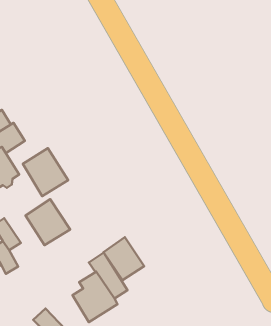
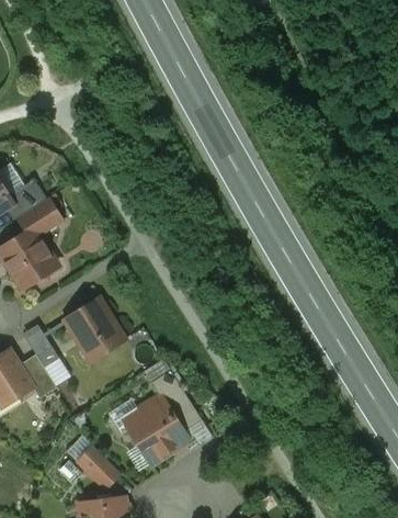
building: [23,148,68,196] -> none
building: [103,237,144,280] -> none

